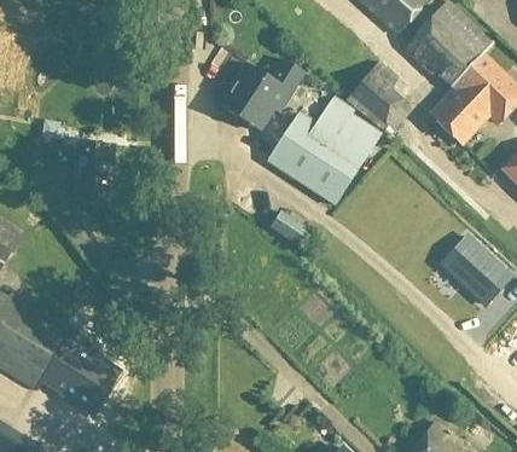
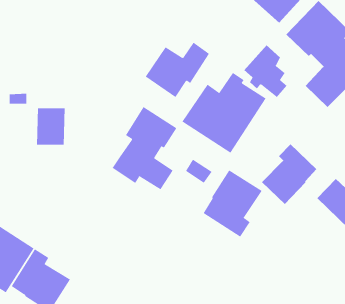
building: none -> [112,106,177,190]
building: none -> [261,143,317,205]
building: none -> [203,169,262,238]

